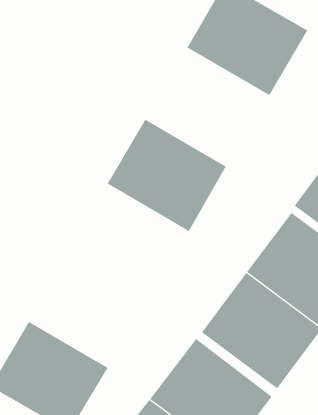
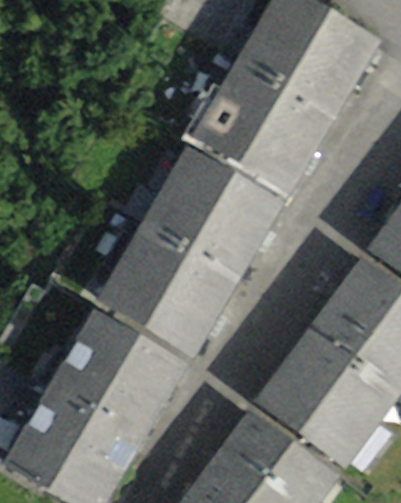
building: none -> [191,58,337,194]
building: none -> [96,221,240,356]
building: none -> [48,308,190,442]

